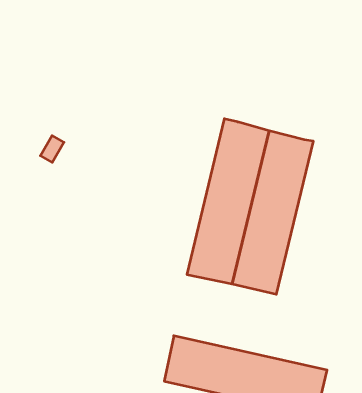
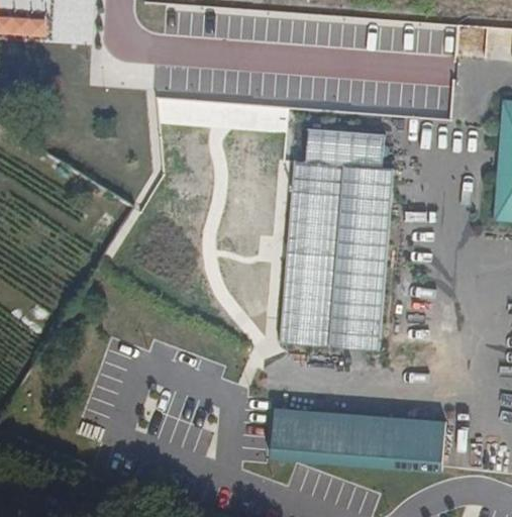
building: none -> [307,128,387,171]

